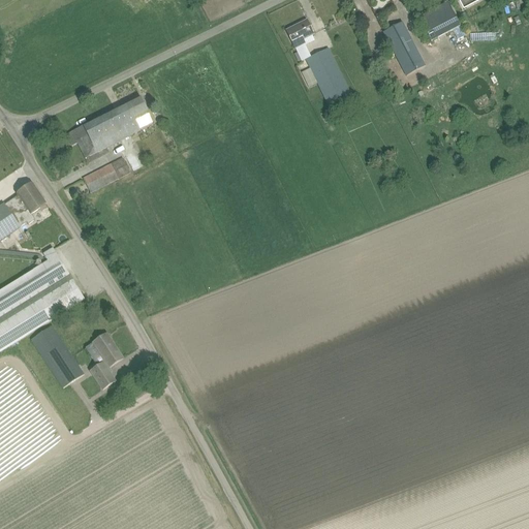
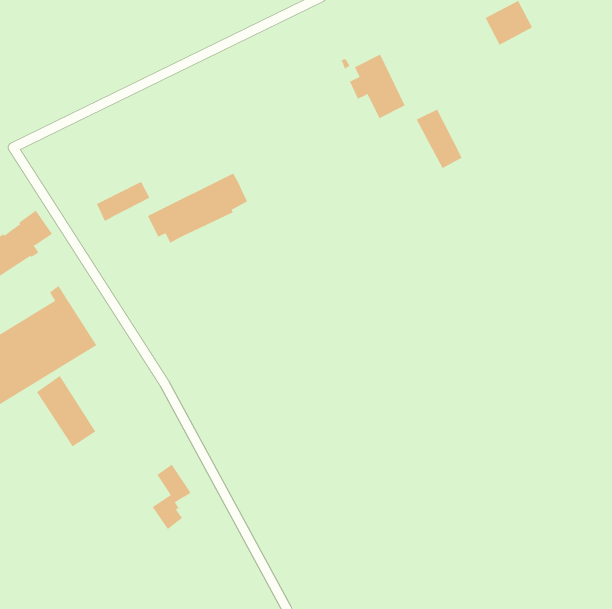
building: [285,18,313,46] -> none
building: [383,22,424,73] -> [416,109,463,169]
building: [65,95,152,156] -> [147,173,248,244]
building: [88,332,122,388] -> [152,464,191,530]

